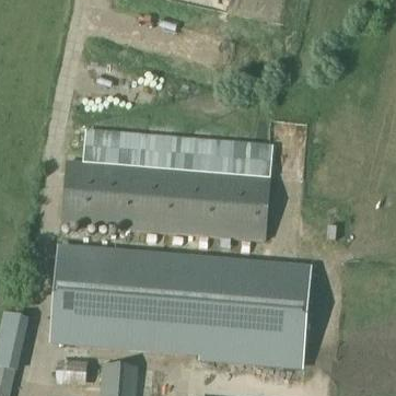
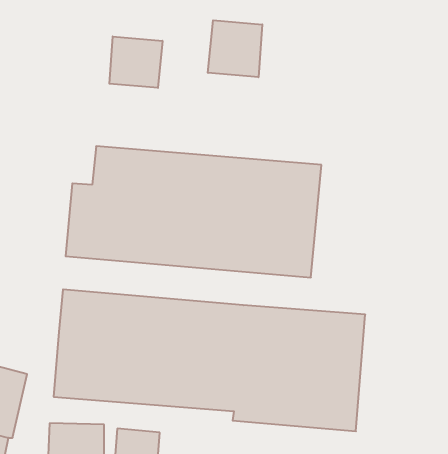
building: none -> [208,20,262,77]
building: none -> [109,36,162,88]

